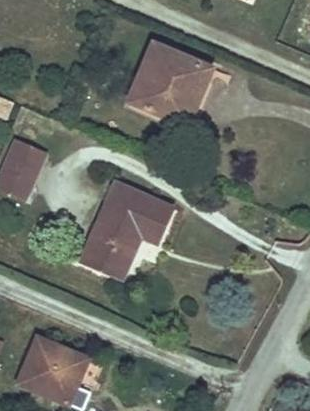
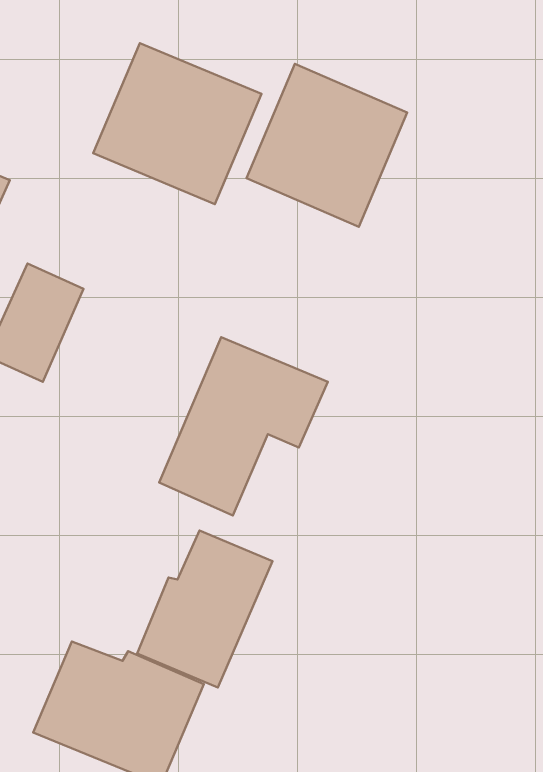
building: none -> [93,43,262,204]
building: none -> [137,531,273,687]

